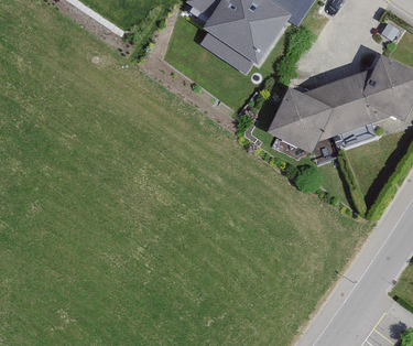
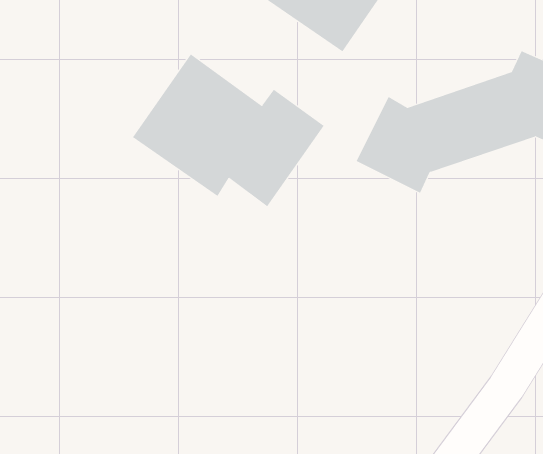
building: none -> [132,54,325,207]

